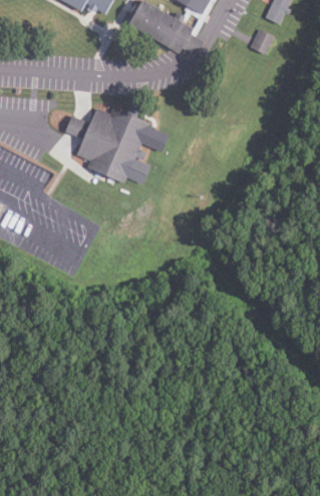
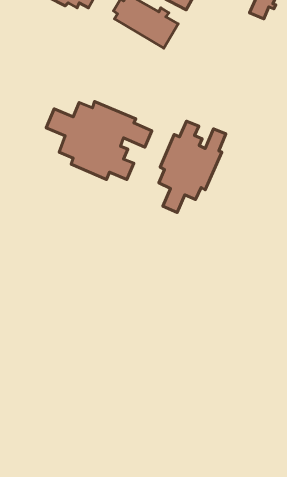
building: [250,29,274,55] -> none
building: none -> [159,121,226,213]

